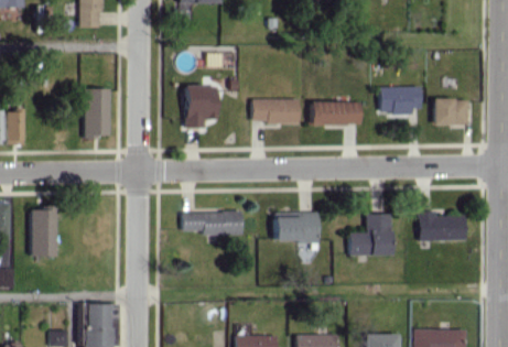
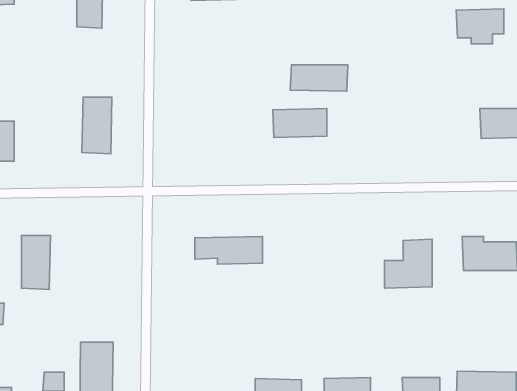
building: [185,85,217,128] -> none
building: [380,86,422,117] -> [456,9,504,44]
building: [312,101,363,124] -> [290,65,348,91]
building: [275,212,320,241] -> none

